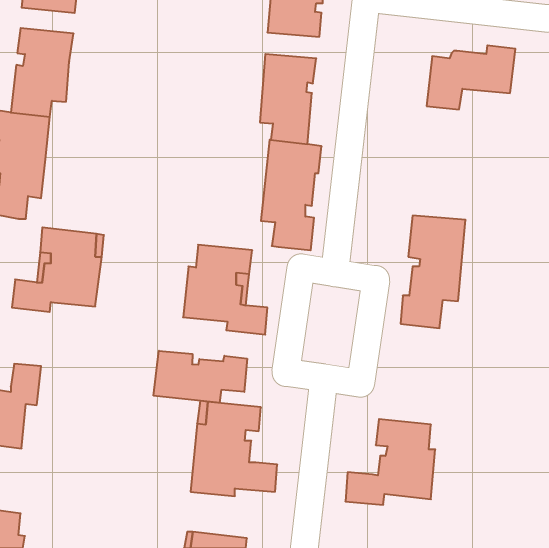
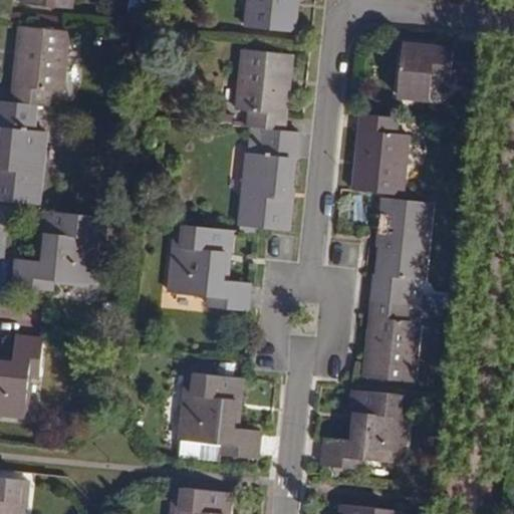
building: none -> [351,113,407,198]
building: none -> [363,300,420,380]
building: [154,351,247,403] -> none

